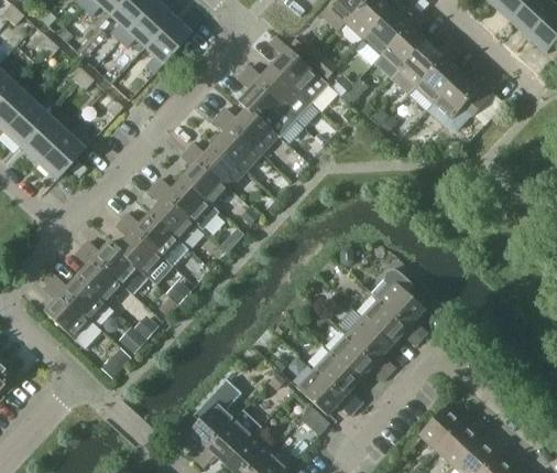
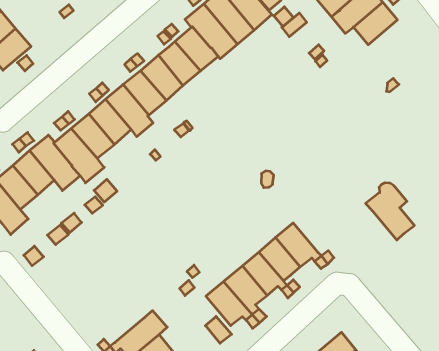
building: [427,69,500,130] -> none
building: [371,268,425,326] -> [366,183,414,240]
building: [190,378,242,448] -> none

